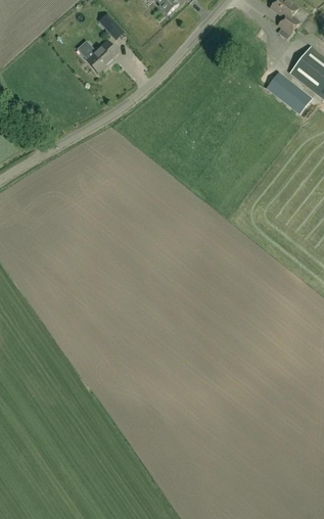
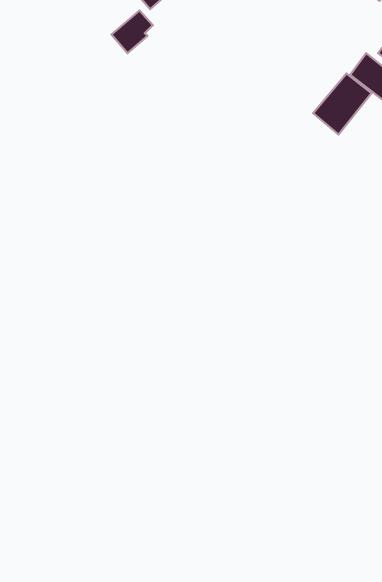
building: none -> [313,73,371,134]

